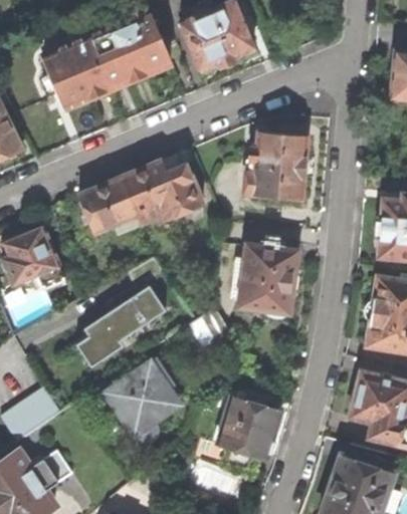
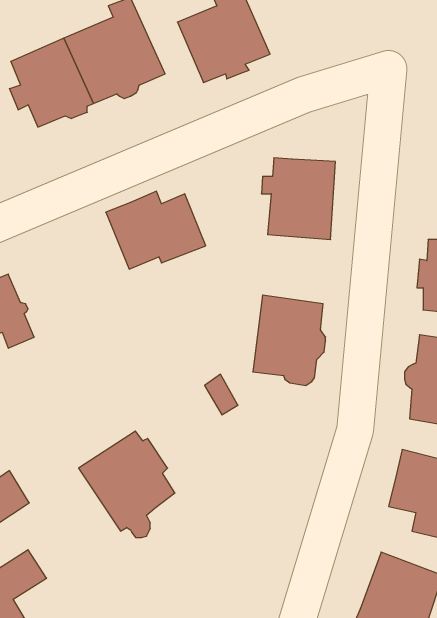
building: [78,177,140,241] -> none
building: [75,257,165,367] -> none
building: [218,392,283,472] -> none

